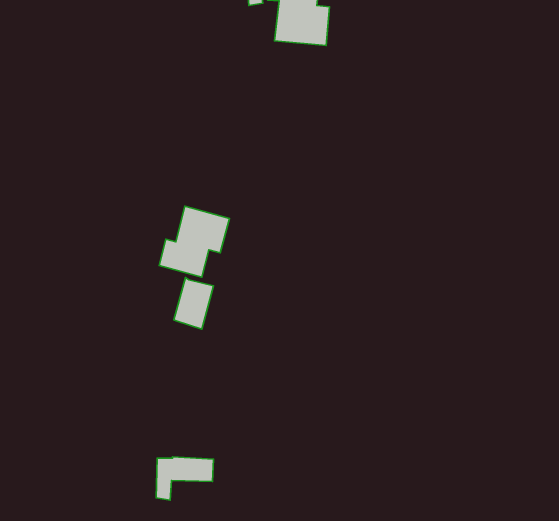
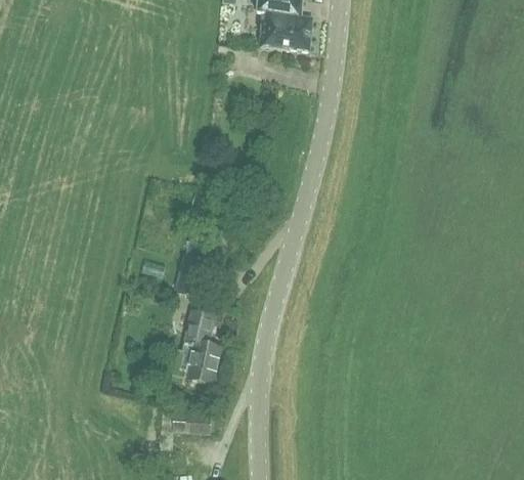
building: [159,206,230,277] -> none
building: none -> [169,308,222,383]

